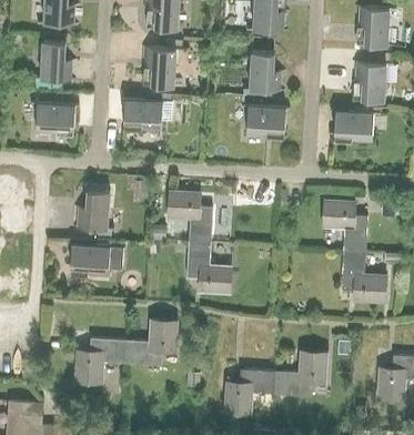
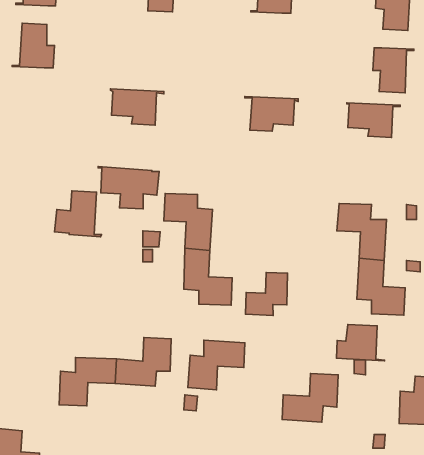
building: [144,47,182,88] -> none
building: [242,51,280,91] -> none
building: [30,102,78,133] -> none
building: [68,244,122,282] -> [98,167,159,209]
building: none -> [245,273,288,315]
building: none -> [337,325,385,361]
building: [224,370,275,414] -> [188,340,245,390]

